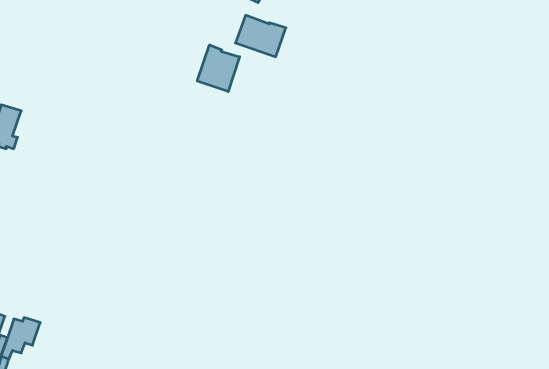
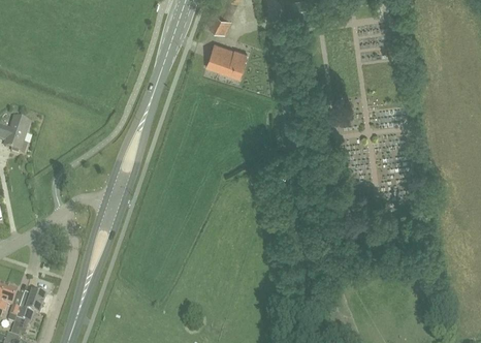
building: [197,45,240,92] -> none

